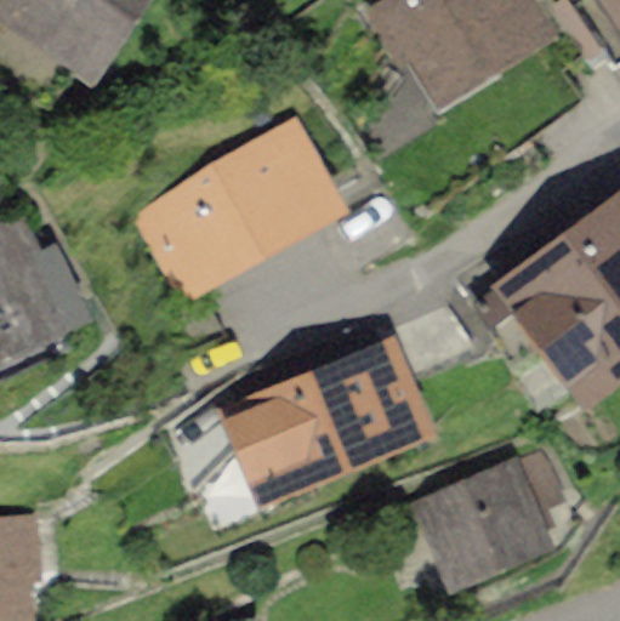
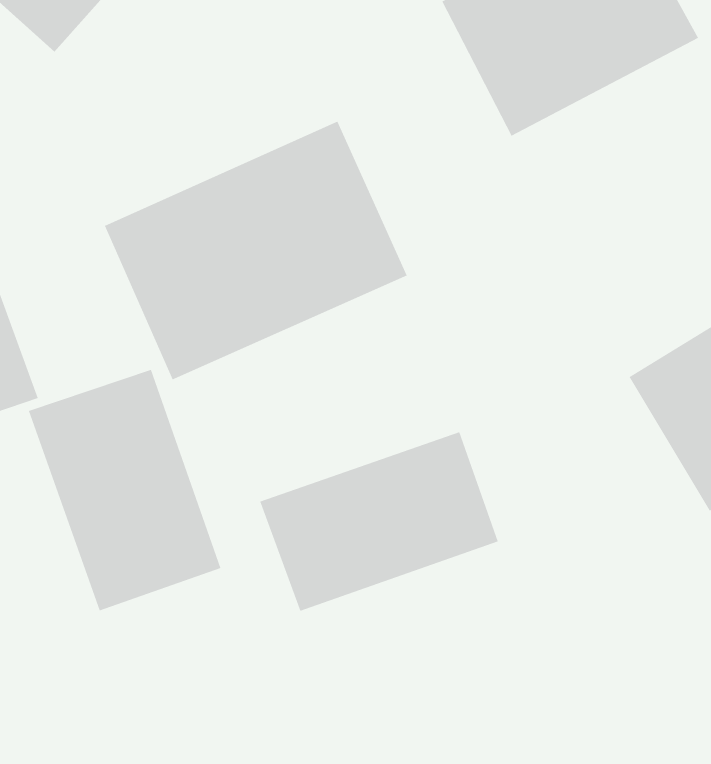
building: none -> [28,369,222,611]
building: [420,451,561,570] -> none

